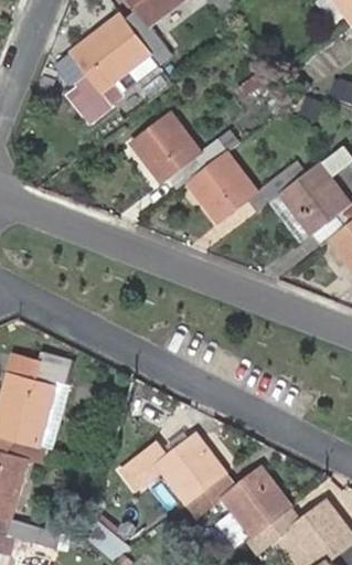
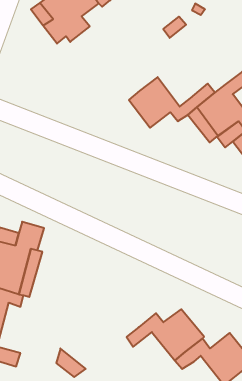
building: [129,111,239,182] -> none
building: [134,433,225,501] -> none

